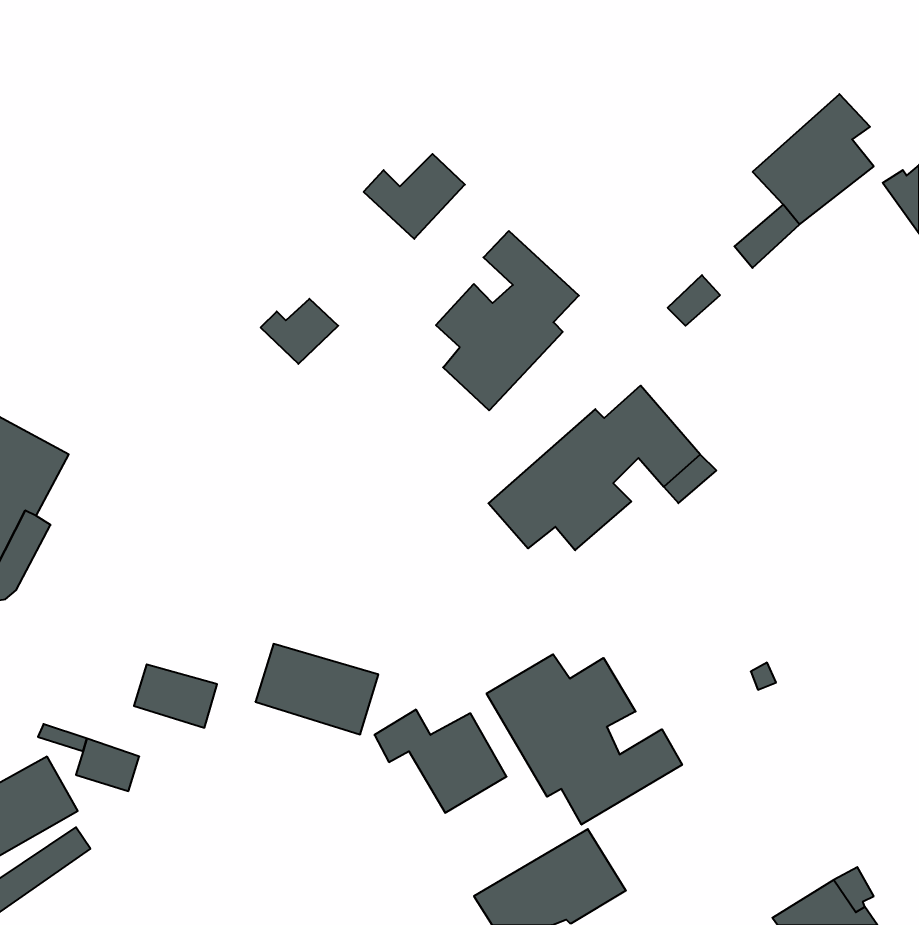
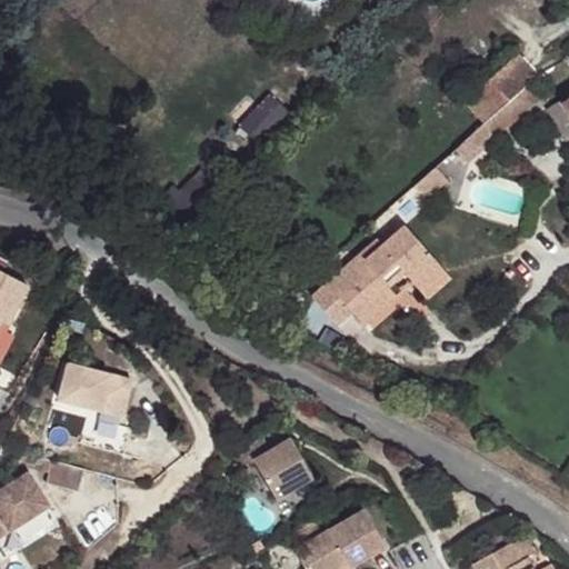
building: [436,231,579,410] -> none
building: [255,644,378,734] -> [60,352,136,408]
building: [487,654,682,825] -> none

